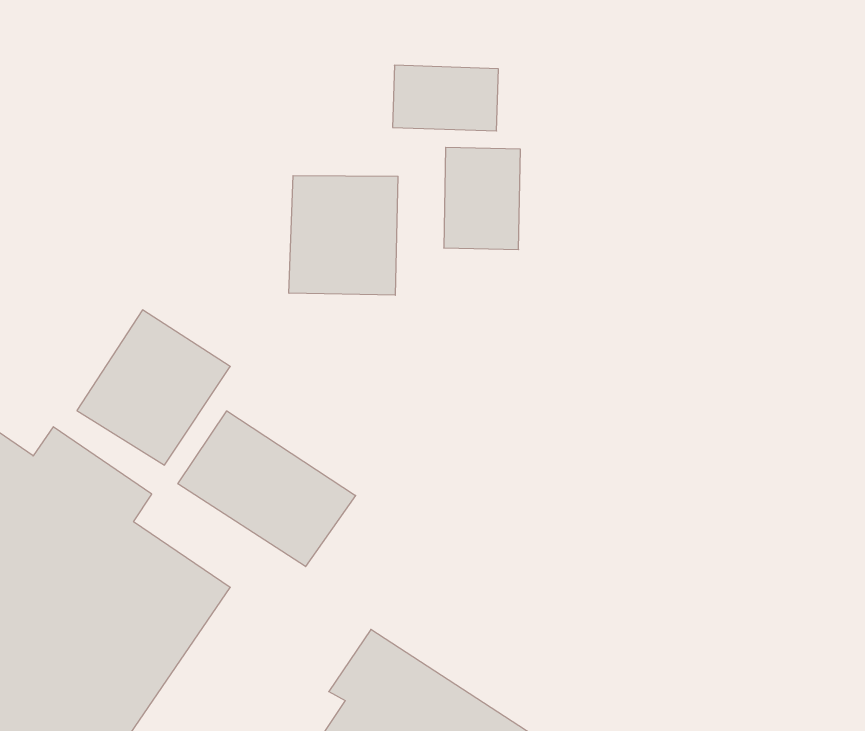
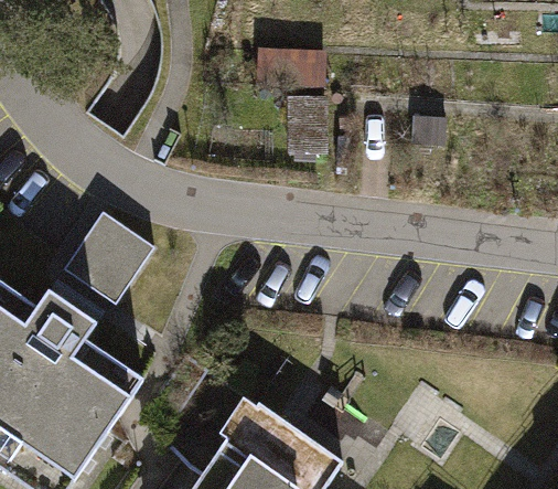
building: [289,176,398,295] -> none
building: [178,411,356,567] -> none

